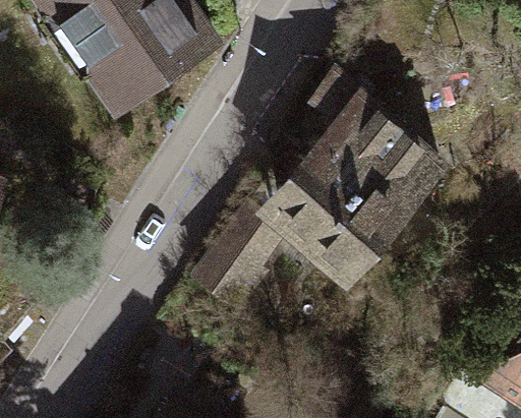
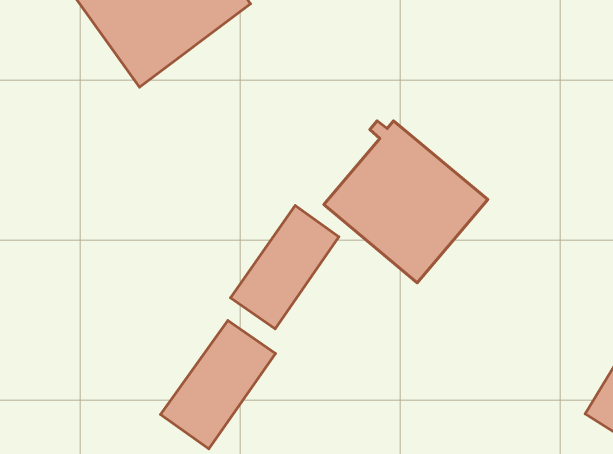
building: [313,80,439,206] -> none
building: none -> [161,321,276,449]

